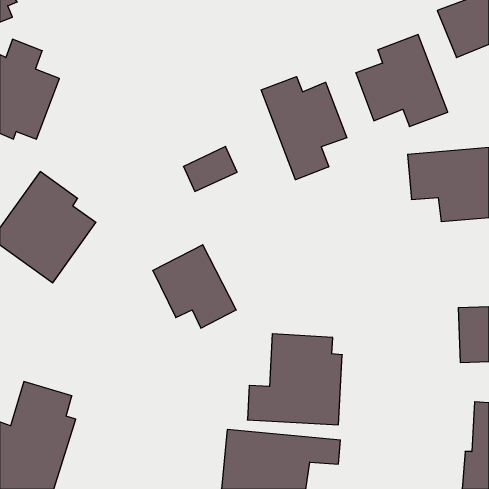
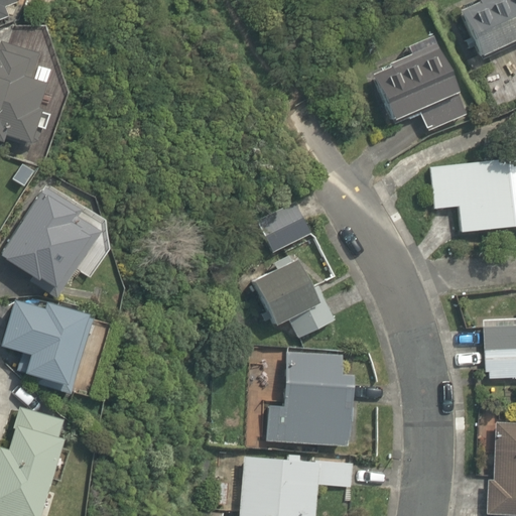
building: [261,77,347,180] -> none
building: [183,146,237,191] -> [255,203,311,250]
building: [153,245,236,328] -> [246,256,334,344]
building: none -> [6,295,102,386]

